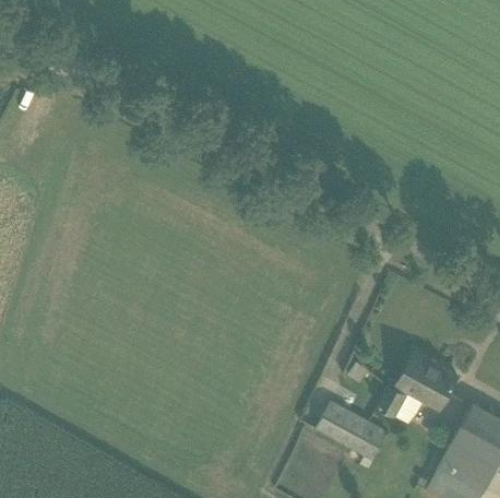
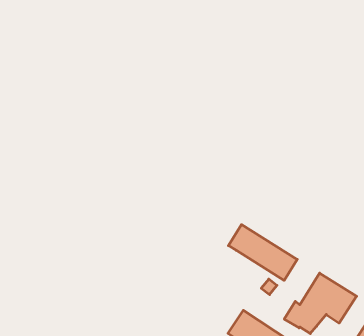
building: none -> [228,225,297,280]

